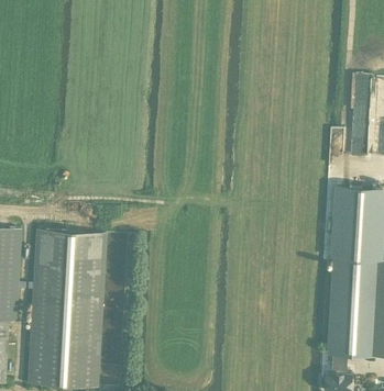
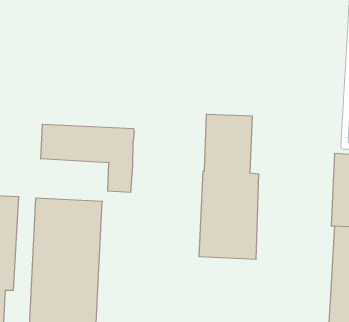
building: none -> [199,114,259,259]
building: none -> [41,124,134,192]

